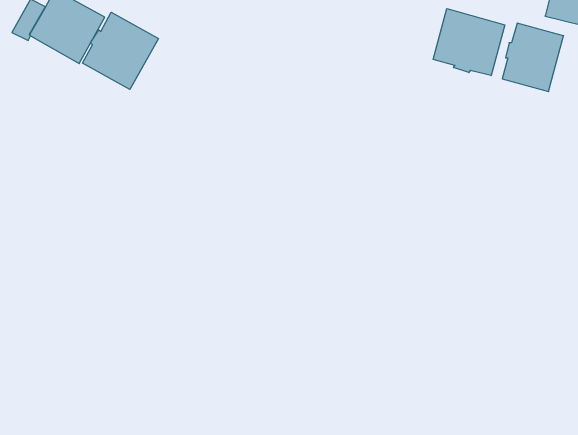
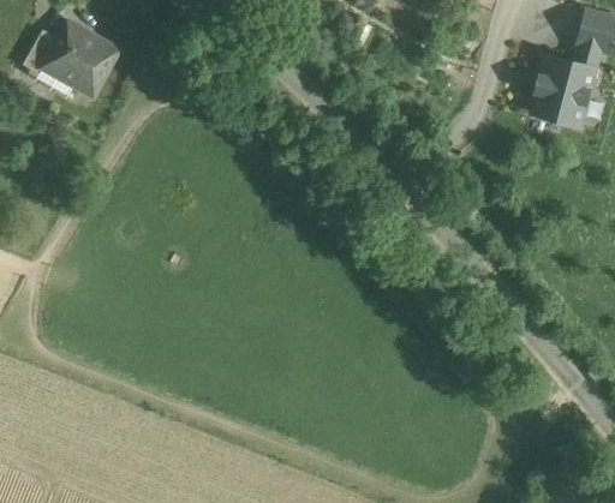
building: [433,9,505,76] -> none
building: [83,12,158,89] -> none

